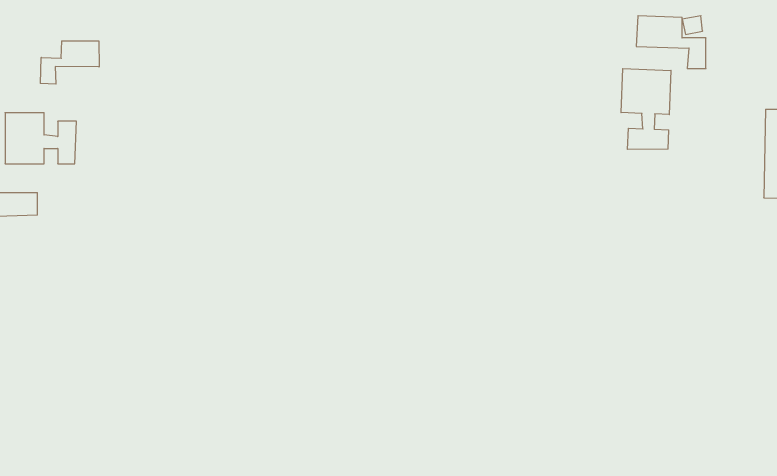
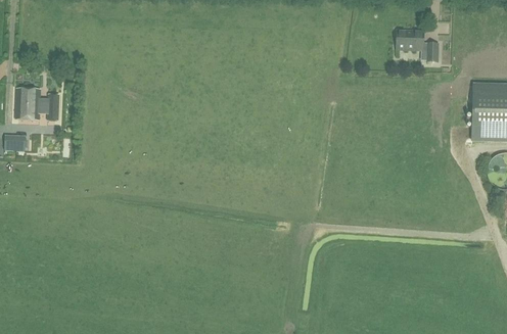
building: [40,41,99,84] -> none
building: [621,69,671,149] -> none

